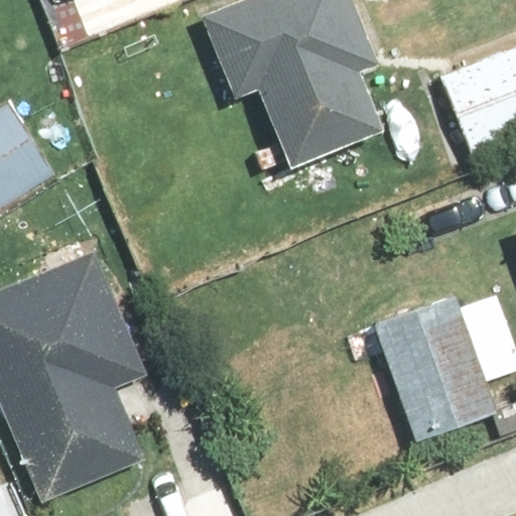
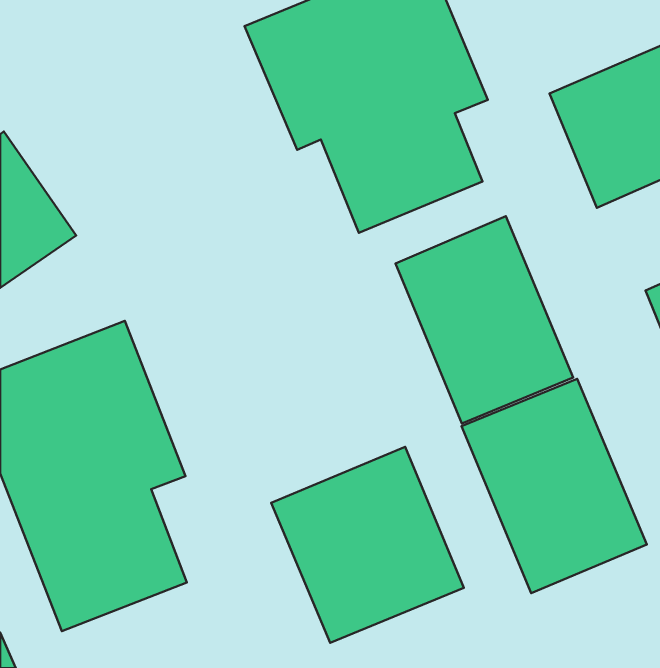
building: none -> [395,216,573,424]
building: none -> [271,447,464,643]

